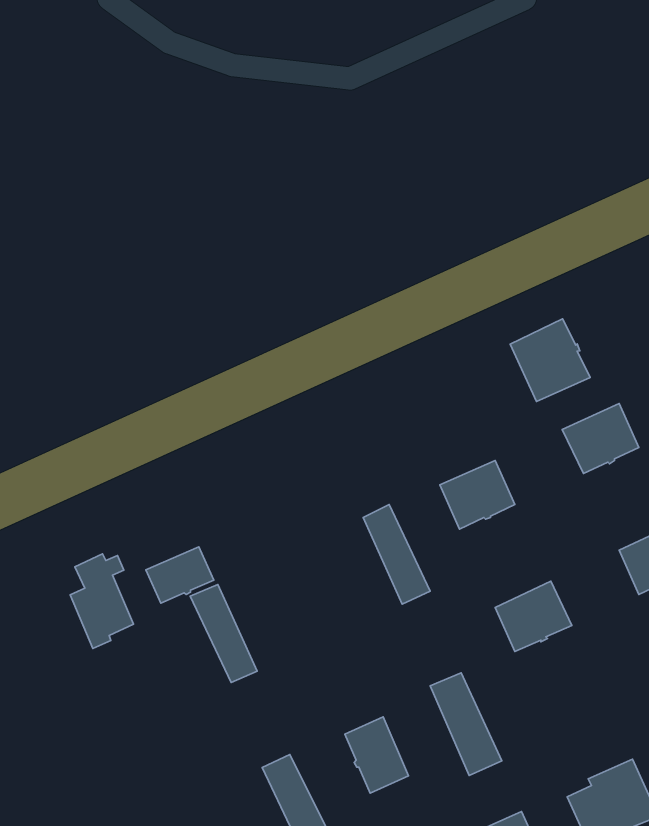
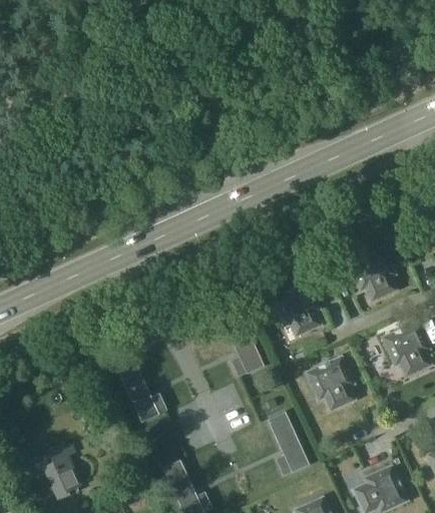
building: [510,319,590,402] -> none
building: [146,547,214,603] -> none
building: [70,554,134,649] -> [42,445,81,503]
building: [345,717,409,793] -> none

